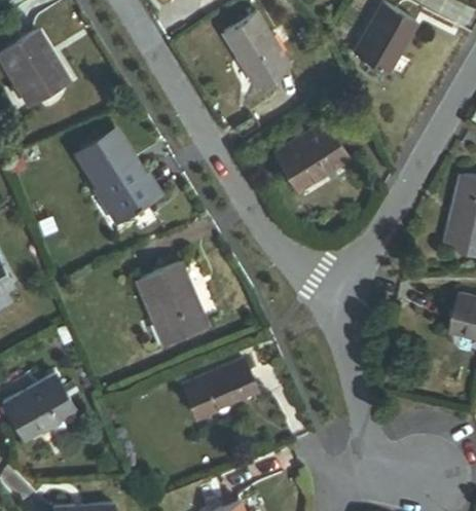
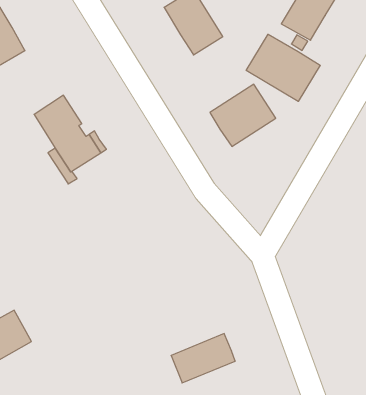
building: none -> [246,34,320,101]
building: [139,264,207,343] -> none
building: [185,361,257,416] -> [171,334,235,383]

